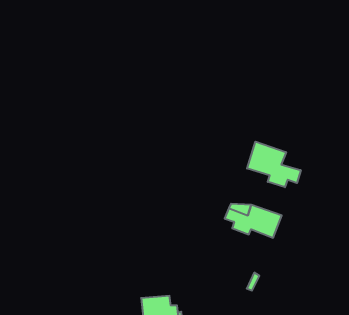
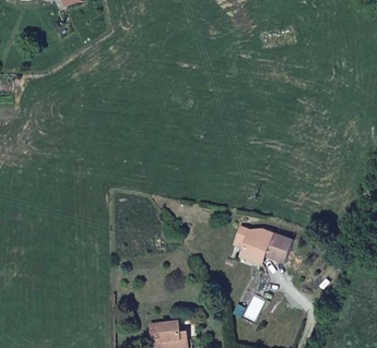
building: [247,142,301,187] -> none

